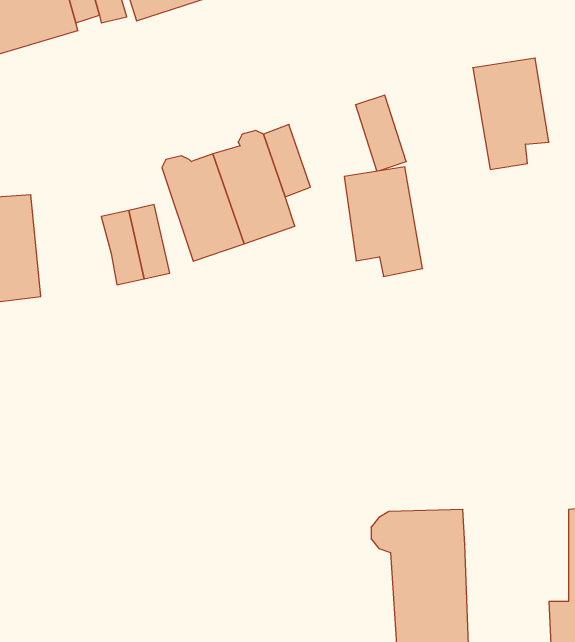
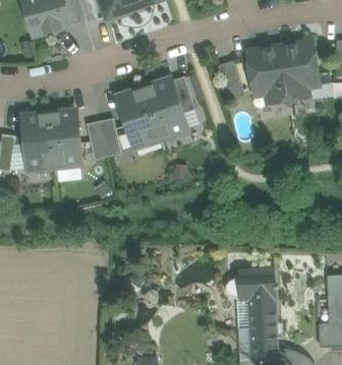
building: [344,167,423,276] -> [247,47,288,104]
building: none -> [49,110,80,166]

